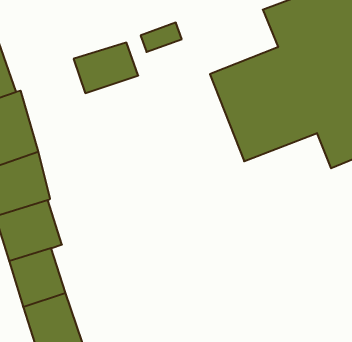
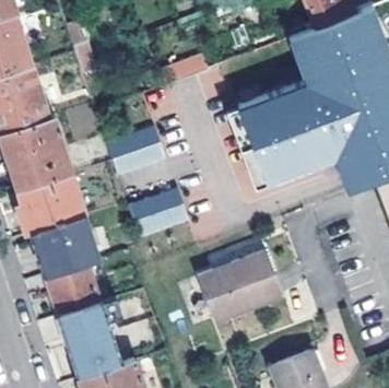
building: [74,43,138,93] -> [106,130,166,177]
building: none -> [128,191,190,243]
building: none -> [184,256,270,325]

